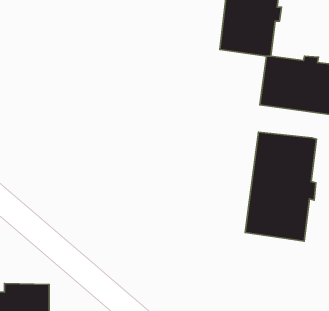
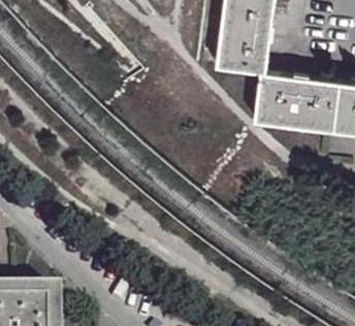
building: [245,132,317,241] -> none

